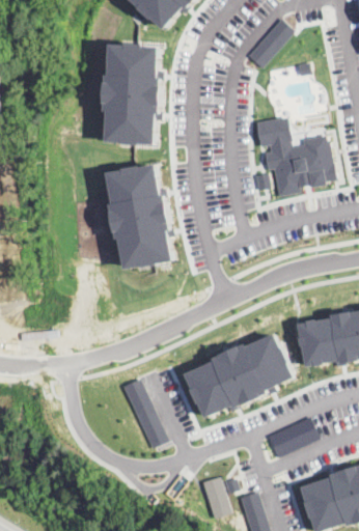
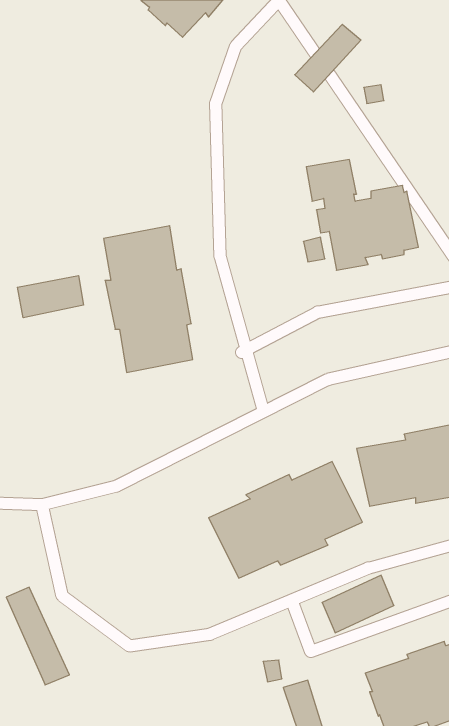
building: [105,43,162,144] -> none
building: none -> [17,276,83,318]
building: [123,379,169,449] -> [6,587,69,685]
building: [200,475,230,519] -> none

